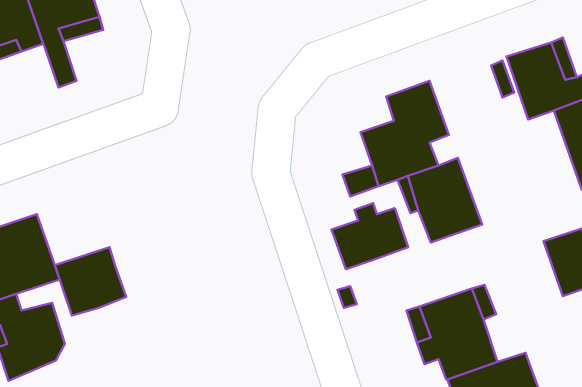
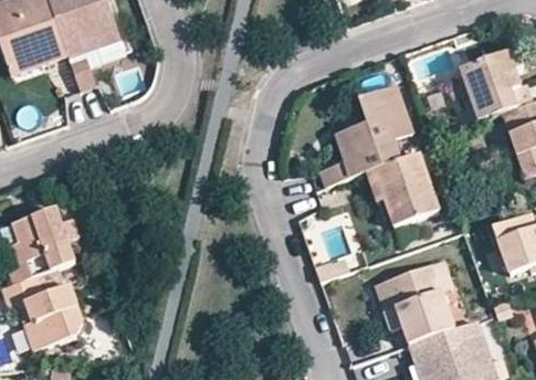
building: [331,203,408,269] -> none
building: [55,247,126,316] -> none

